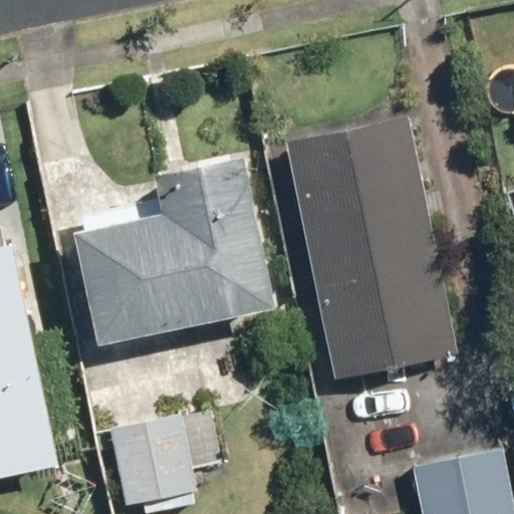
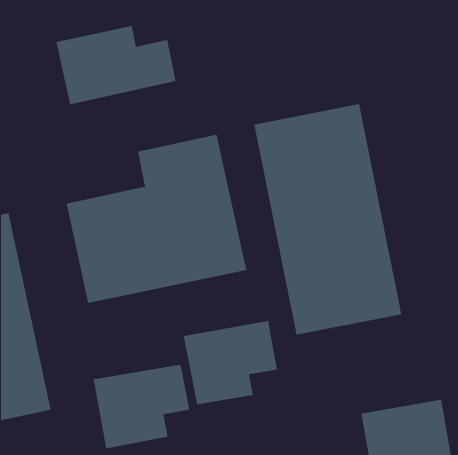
building: none -> [56,25,176,105]
building: none -> [183,320,277,405]

